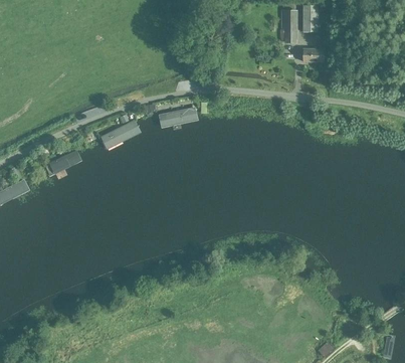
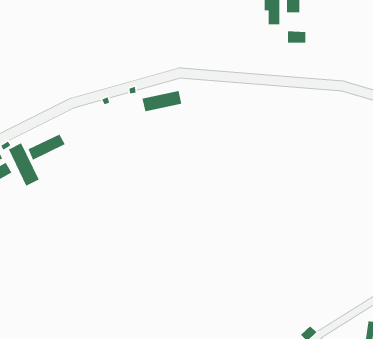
building: [103,121,143,152] -> none
building: none -> [8,142,40,187]

